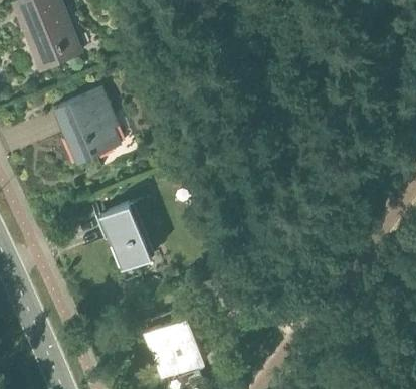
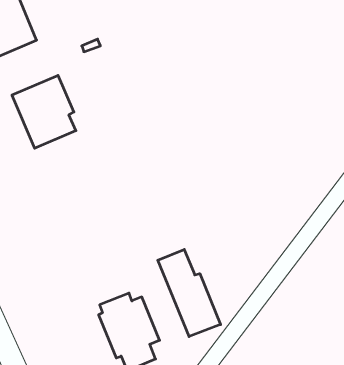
building: [99,202,155,268] -> none
building: none -> [158,249,221,337]

